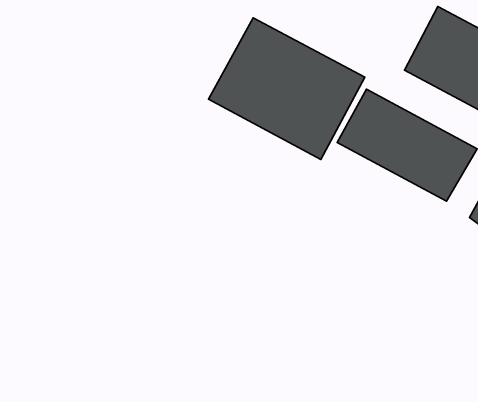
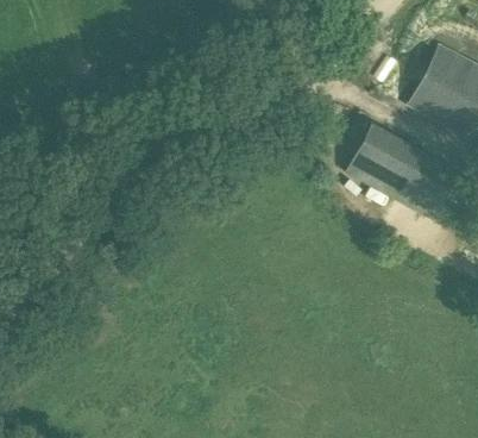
building: [209,18,365,160] -> none

